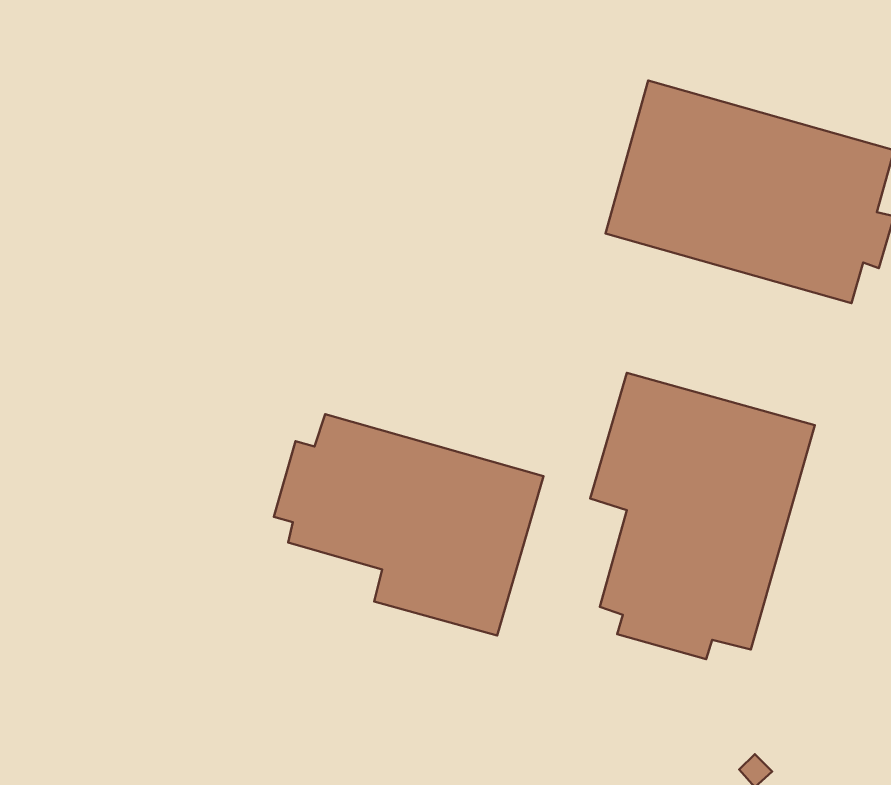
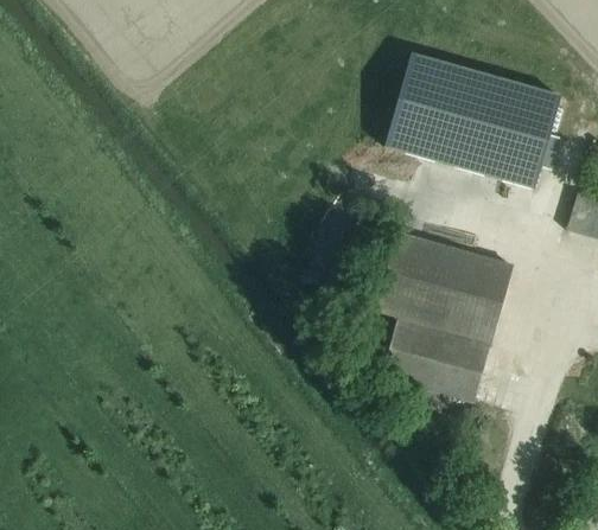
building: [274,414,543,635] -> none

